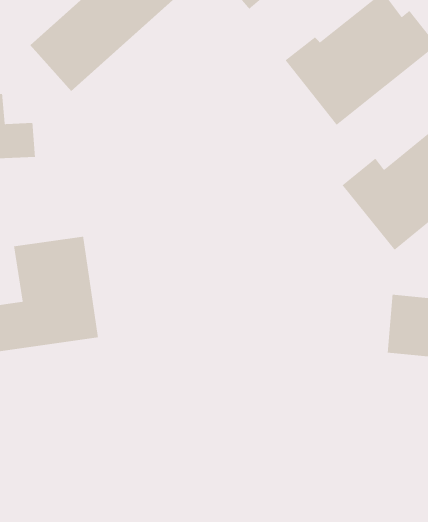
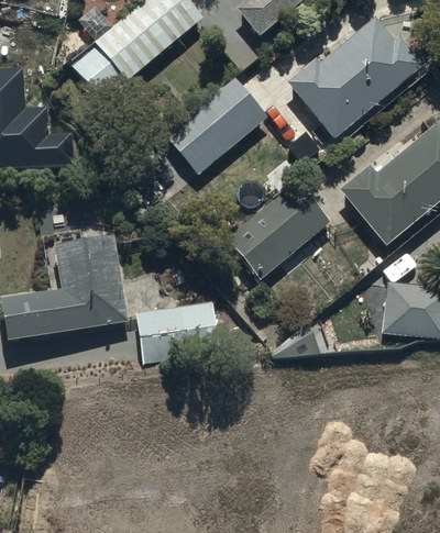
building: none -> [164,77,267,175]
building: none -> [229,184,330,278]
building: none -> [135,302,220,365]

